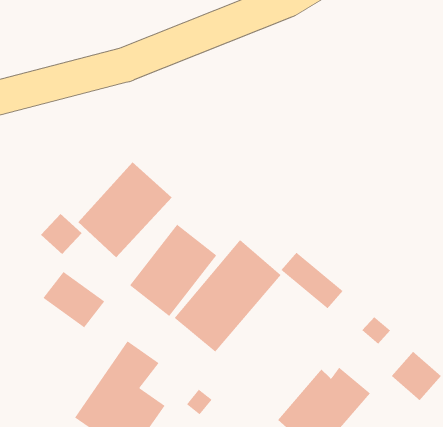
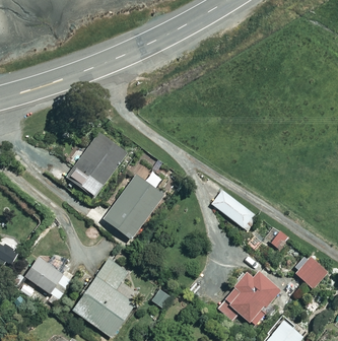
building: [40,213,82,255] -> none
building: [174,239,281,353] -> none
building: [43,271,105,328] -> [24,259,68,297]

